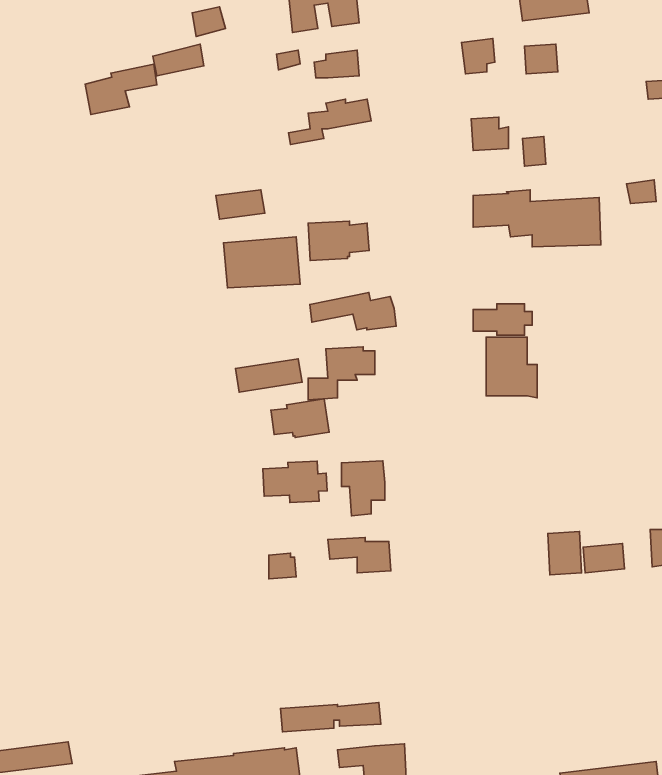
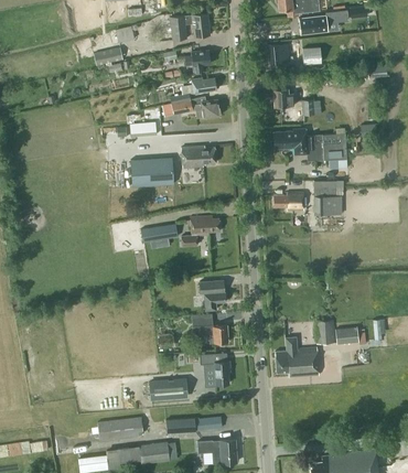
building: [85,64,157,115] -> none
building: [310,293,396,330] -> [171,97,219,118]
building: [486,337,537,398] -> [313,180,342,214]
building: [271,399,329,437] -> none
building: [263,461,327,503] -> none
building: none -> [276,337,318,377]
building: none -> [200,353,229,385]
building: none -> [150,378,186,399]
building: none -> [97,416,143,440]

